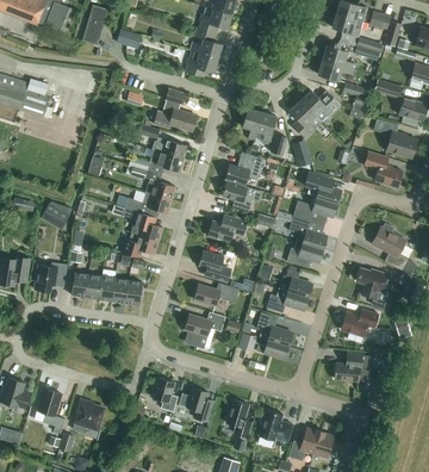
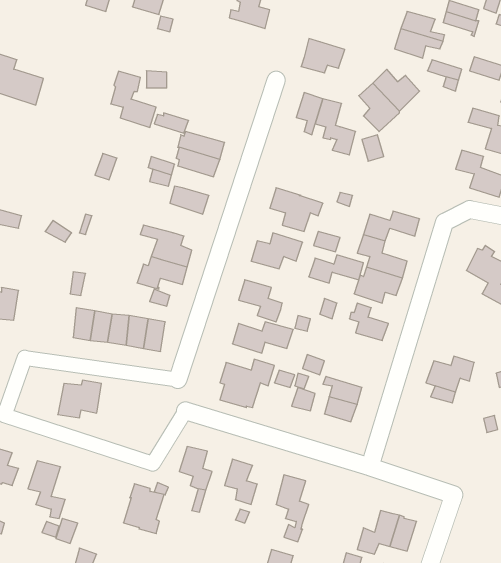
building: [185,50,218,76] -> [301,39,345,73]
building: [162,88,197,131] -> [111,71,156,127]
building: [224,154,262,186] -> none
building: [304,172,341,204] -> none
building: [125,192,170,215] -> none
building: [33,262,67,291] -> [58,380,101,418]
building: [356,267,388,299] -> none
building: [266,291,307,312] -> [309,255,363,283]
building: [334,353,368,381] -> none
building: [73,399,104,437] -> [123,484,164,534]
building: [259,410,293,441] -> none

